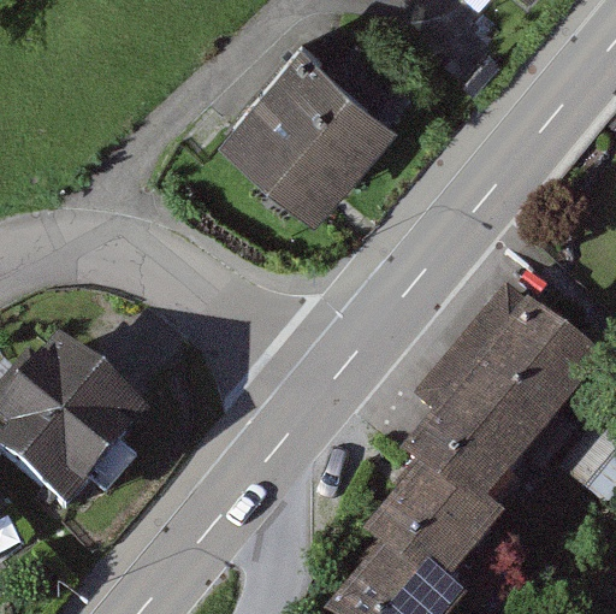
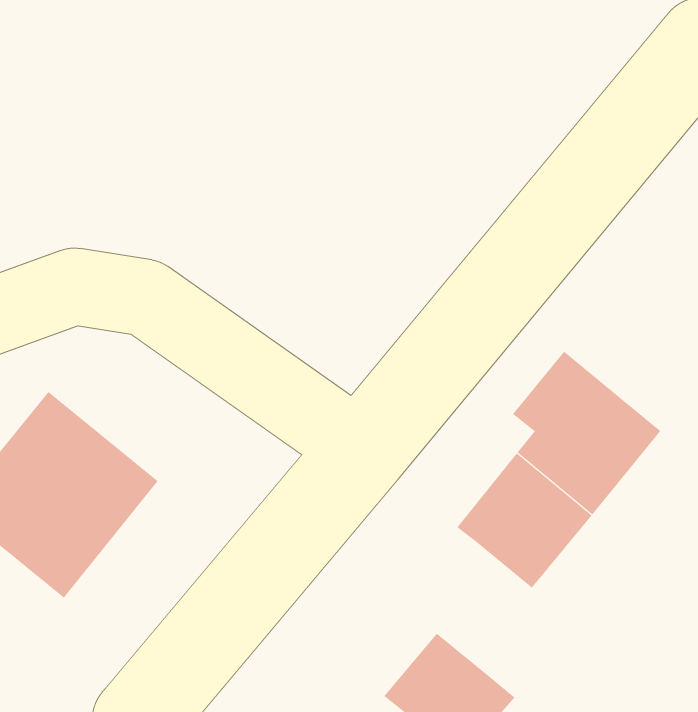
building: [225,45,398,218] -> none
building: [368,466,481,579] -> none

